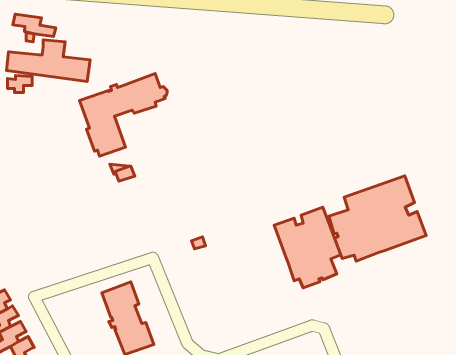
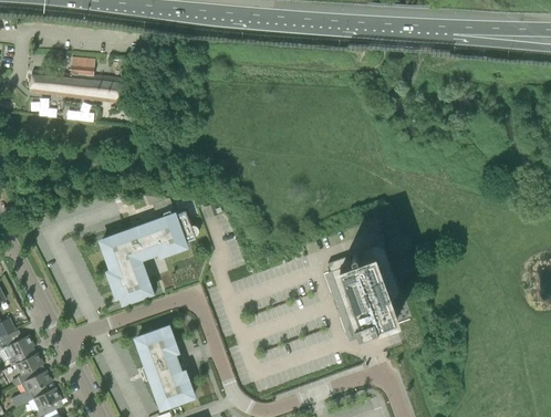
building: [13,14,56,36] -> none
building: [80,73,167,156] -> [101,210,198,302]
building: [329,176,426,261] -> none

